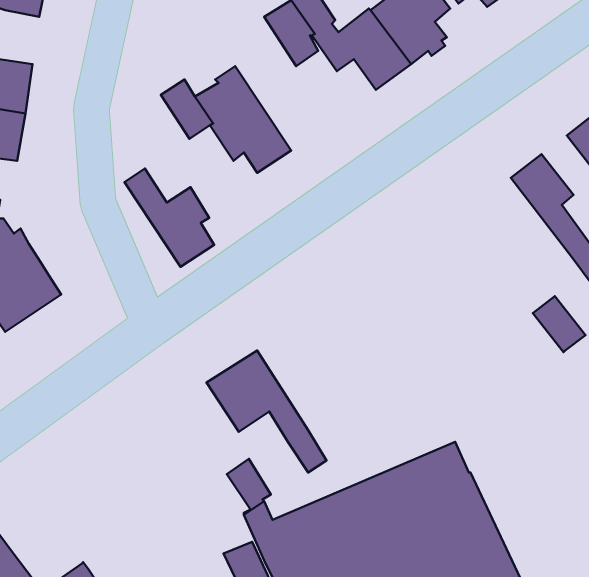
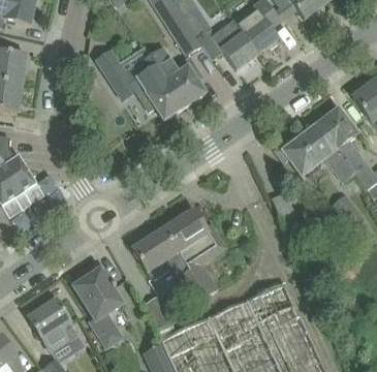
building: [125,169,214,267] -> [150,46,205,106]
building: none -> [274,123,355,182]
building: none -> [163,209,225,296]
building: none -> [73,270,125,347]
building: none -> [28,300,80,349]

